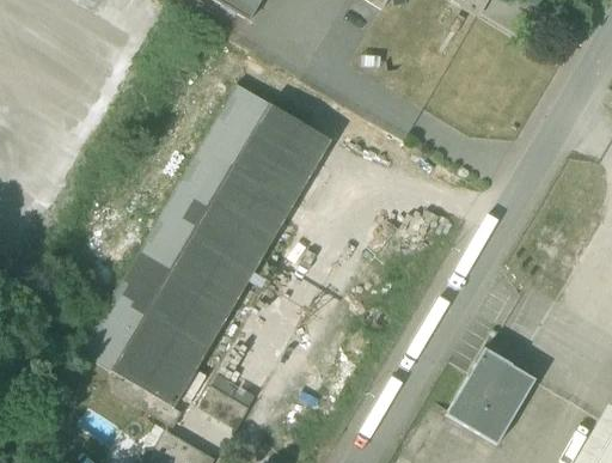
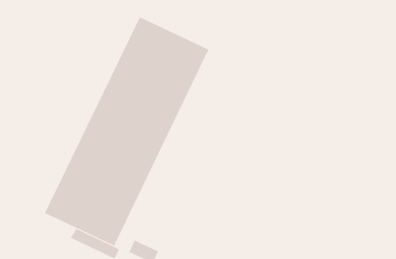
building: [446,346,536,443] -> none

